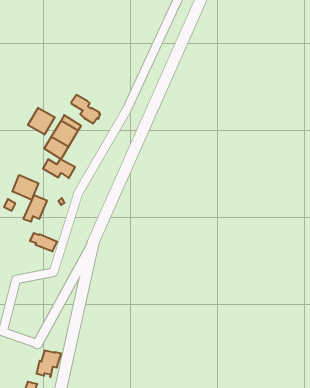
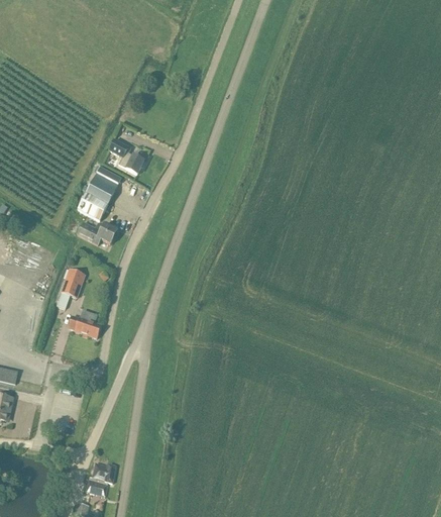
building: [28,108,55,135] -> none
building: [12,175,38,200] -> none

